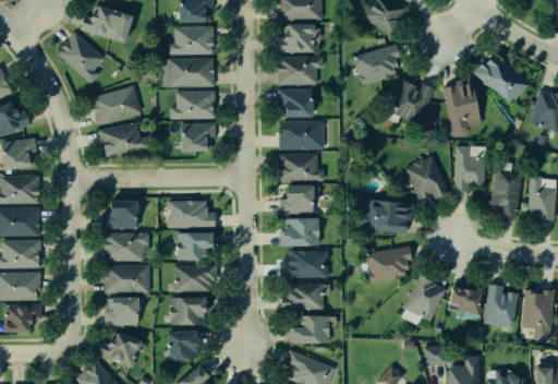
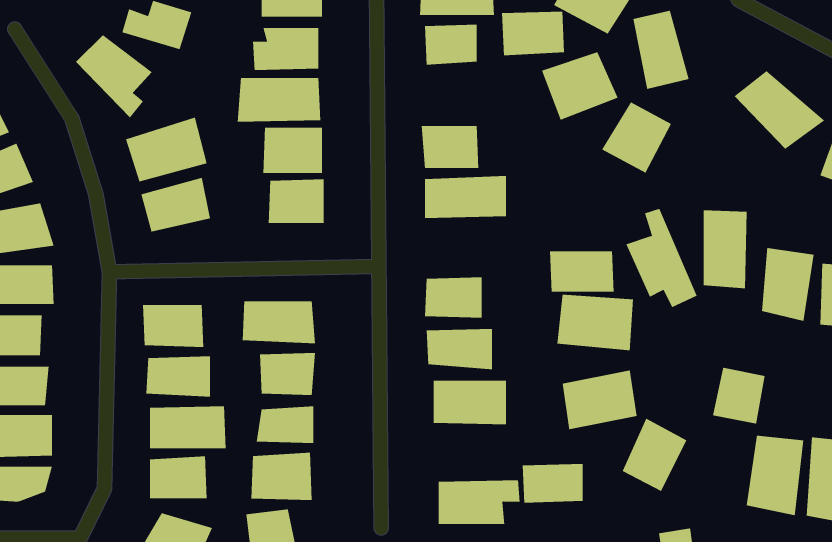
building: [276,56,316,84] -> [501,11,565,56]
building: [444,81,480,131] -> [633,10,689,89]
building: [278,154,319,180] -> [549,251,615,292]
building: [286,284,325,309] -> [522,463,584,503]
building: [446,285,480,321] -> [712,367,766,424]

